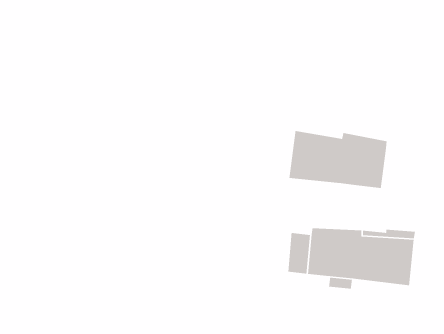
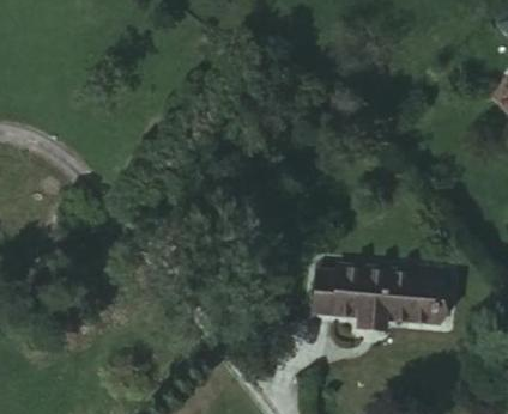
building: [289,130,387,189] -> none

